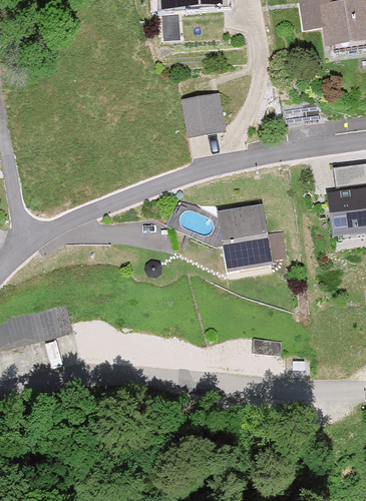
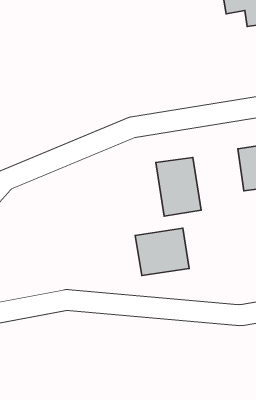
building: [180,90,225,136] -> none
building: none -> [135,228,189,276]

